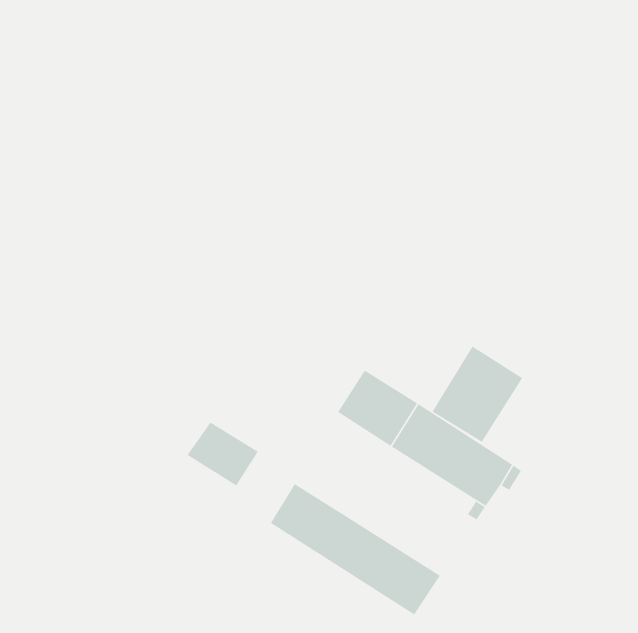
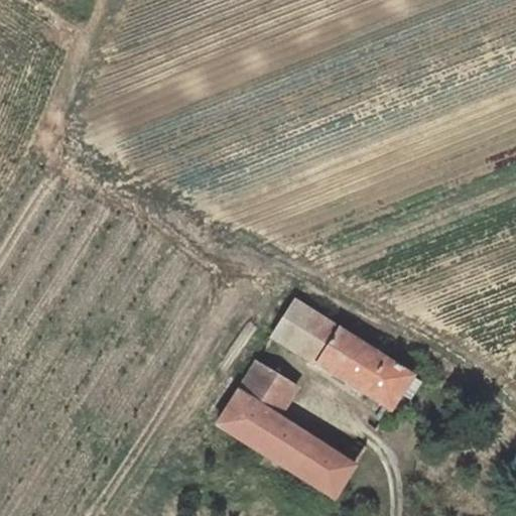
building: [432,346,523,443] -> none
building: [187,421,259,486] -> [238,363,296,415]

